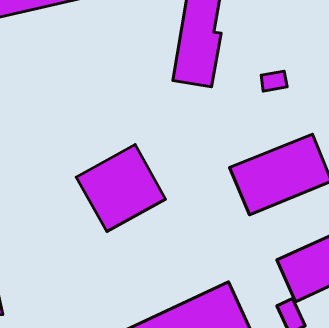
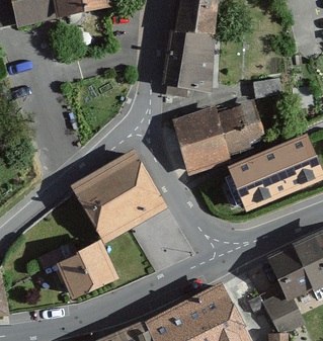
building: none -> [178,99,264,166]
building: none -> [52,245,116,305]

